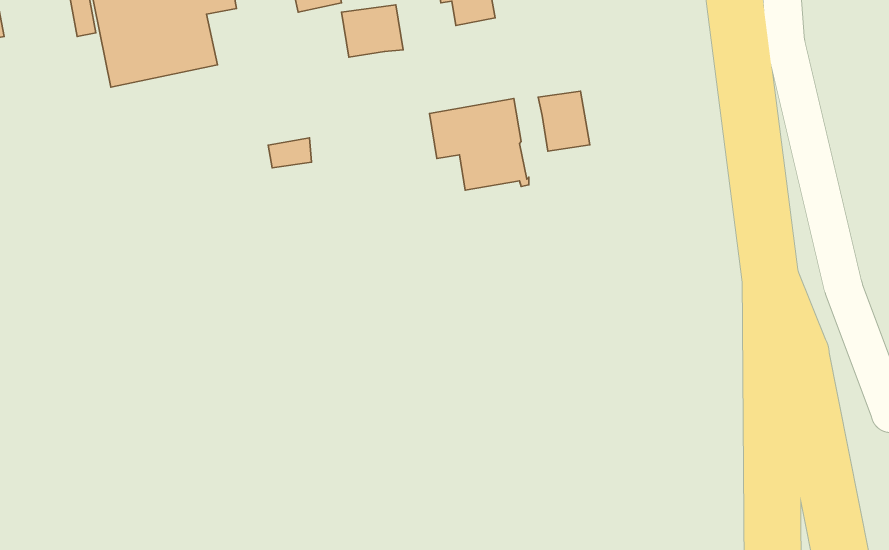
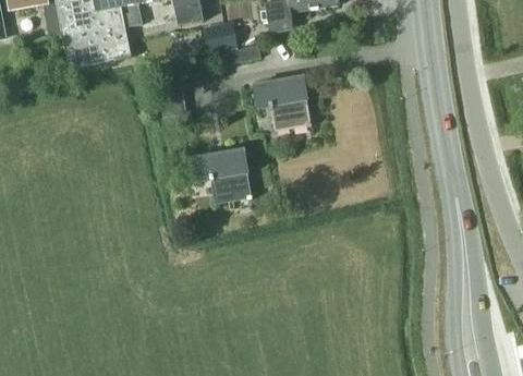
building: [538,91,590,151] -> none
building: none -> [195,147,253,201]

